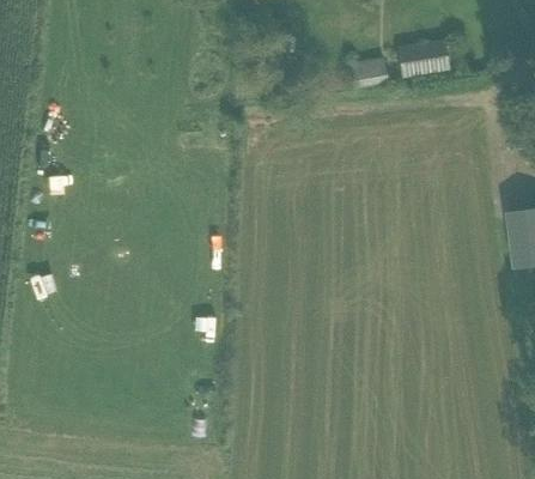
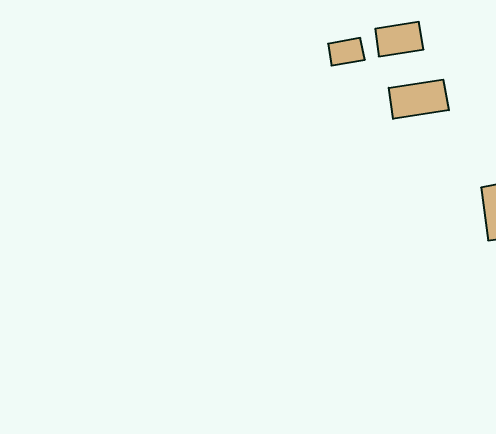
building: none -> [389,80,449,119]

